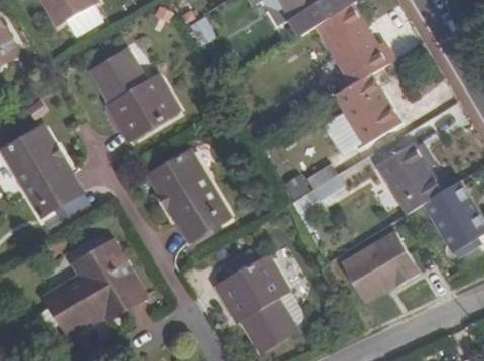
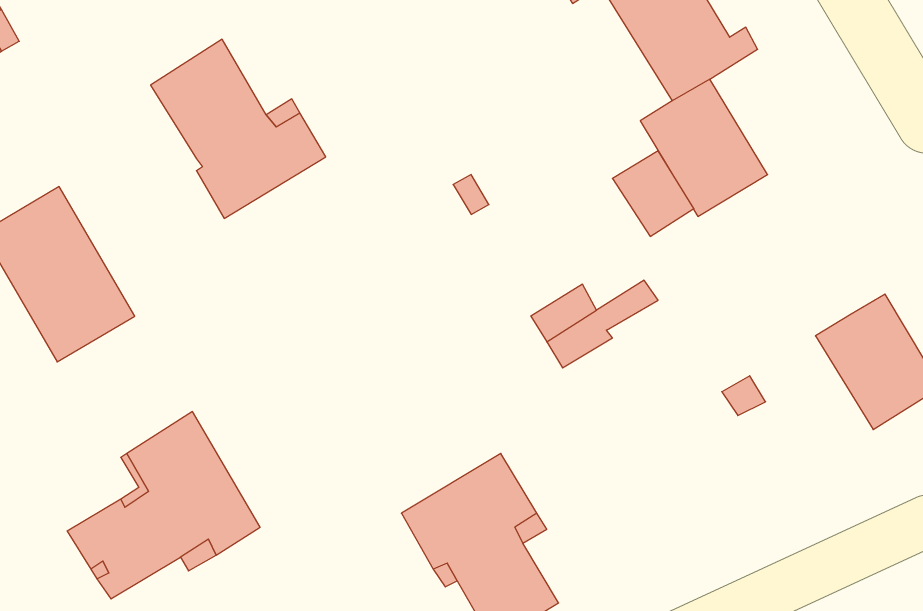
building: [378,142,443,212] -> none
building: [147,152,229,245] -> none
building: [348,232,404,296] -> none

